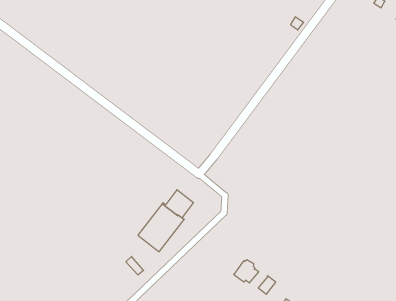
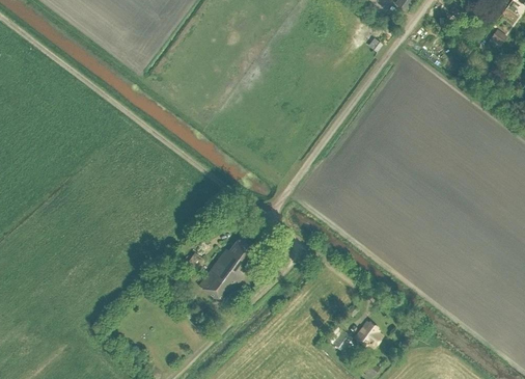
building: [234,260,259,283] -> [355,321,383,347]

